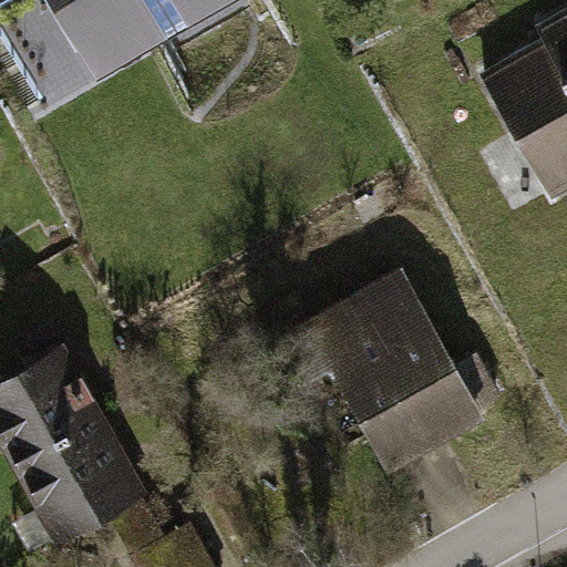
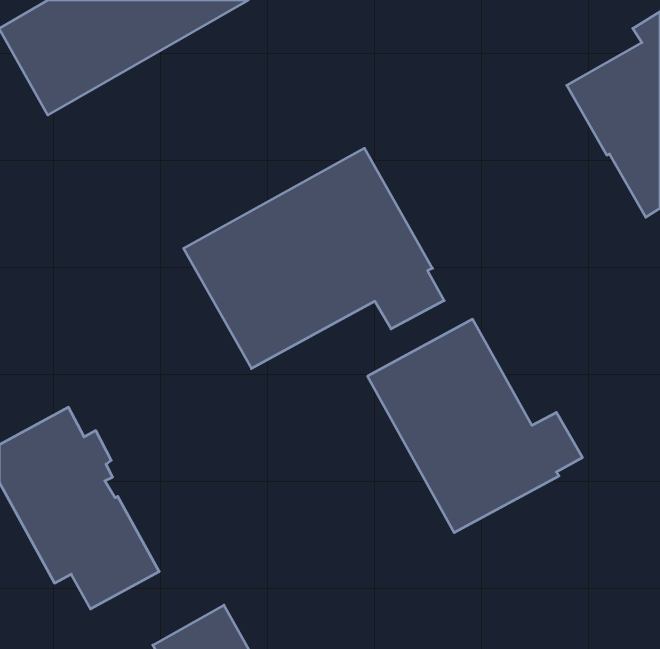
building: none -> [184,148,444,369]

